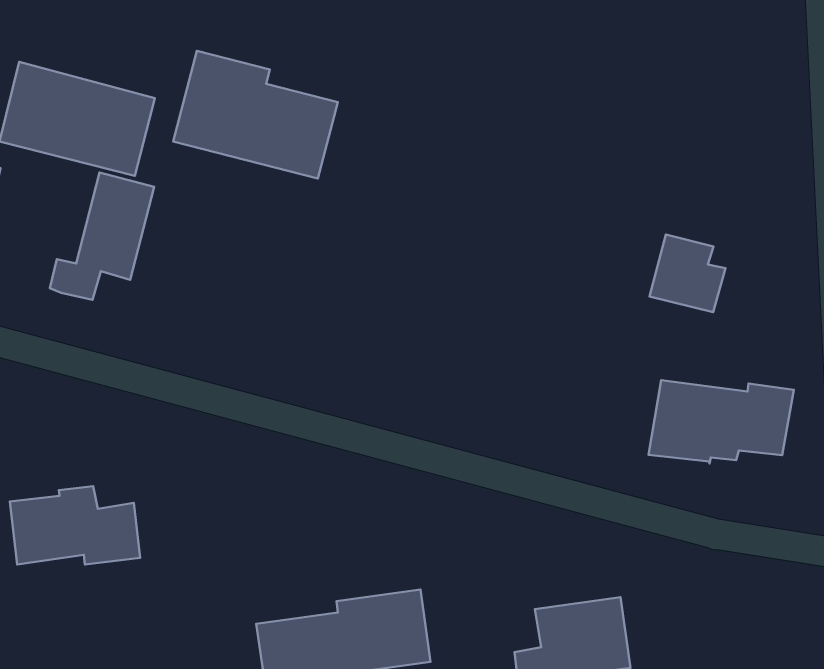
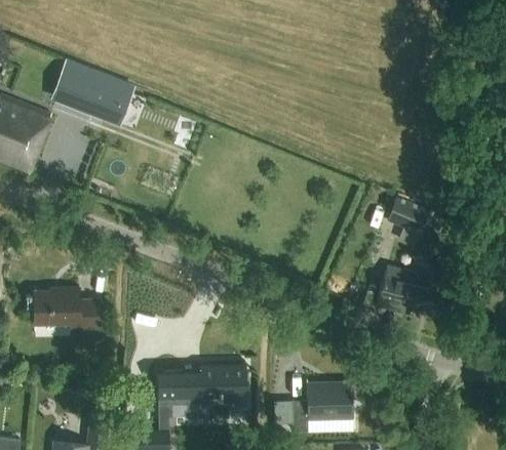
building: [173,51,338,179] -> none
building: [50,172,154,300] -> none

